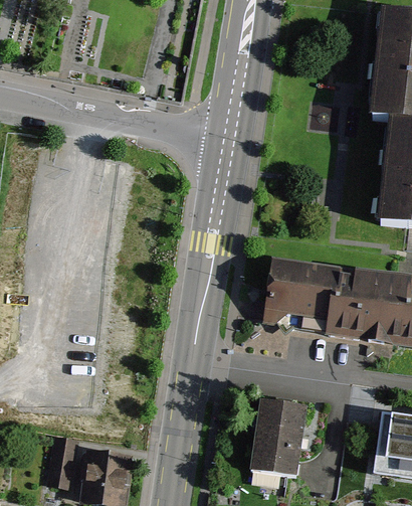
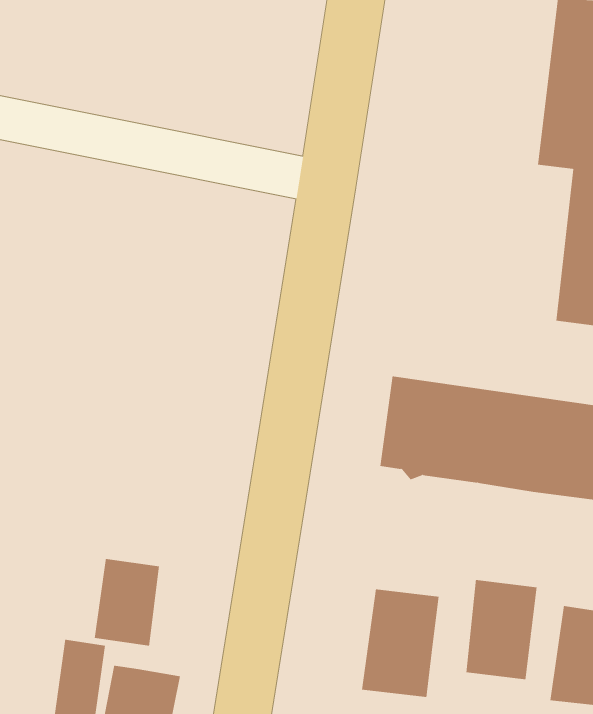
building: none -> [94,558,159,647]
building: none -> [466,579,537,680]

